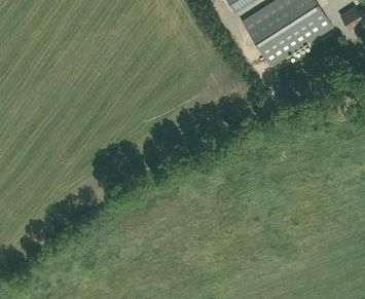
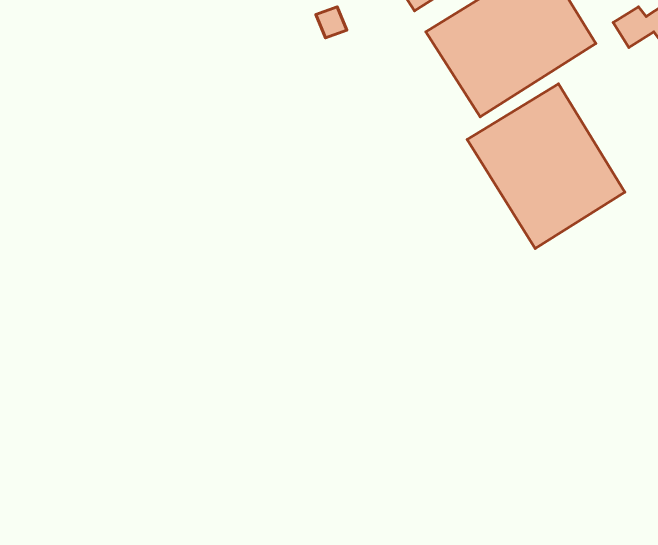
building: none -> [467,84,625,249]

